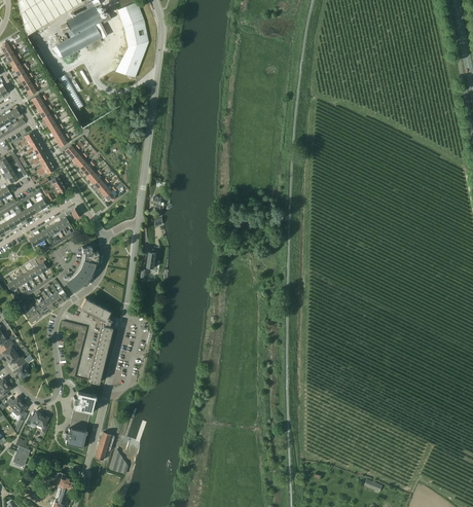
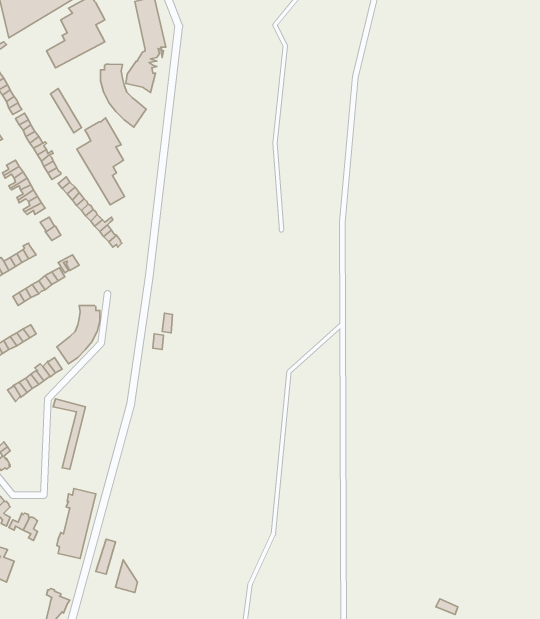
building: none -> [101,64,146,127]
building: none -> [77,118,124,205]
building: [79,298,113,383] -> none

